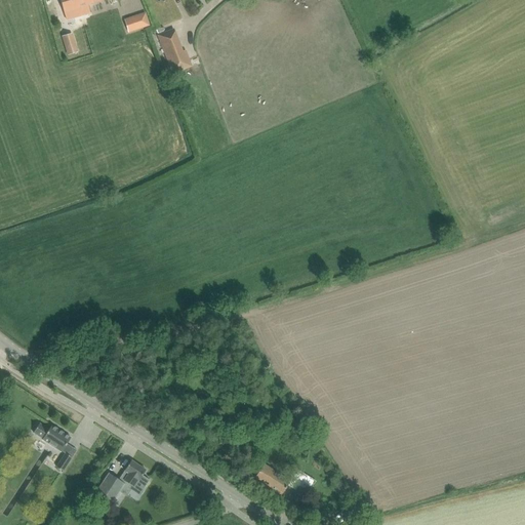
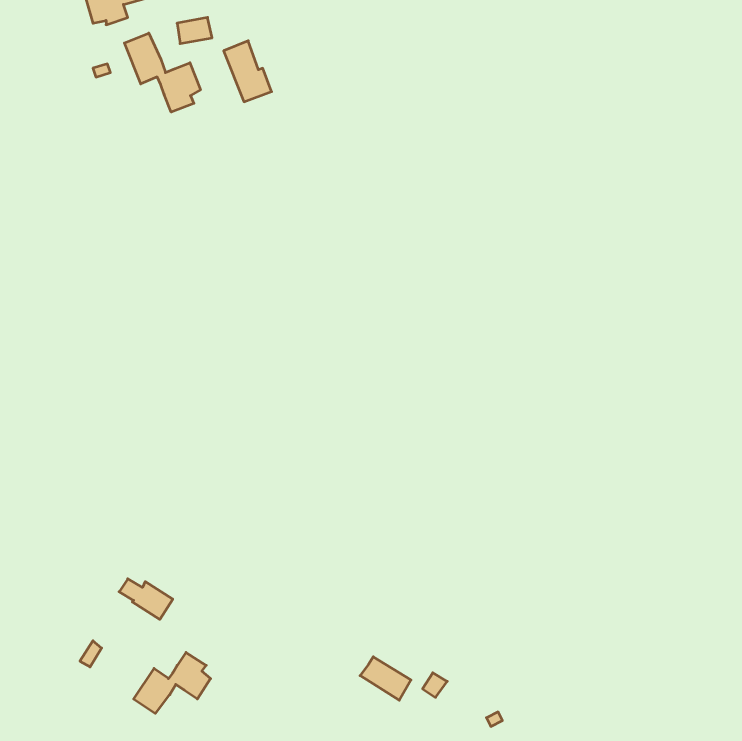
building: none -> [124,33,200,112]
building: [33,422,71,451] -> [119,579,173,619]

